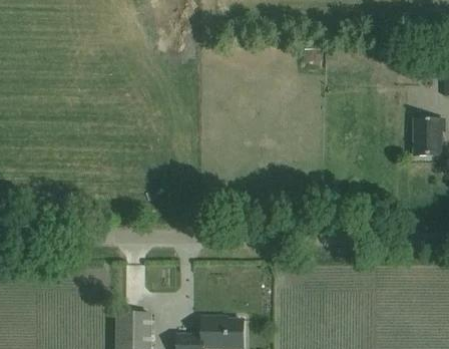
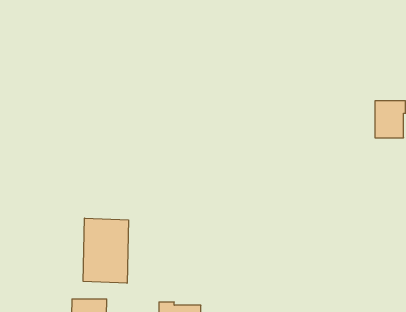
building: none -> [83,218,128,283]

